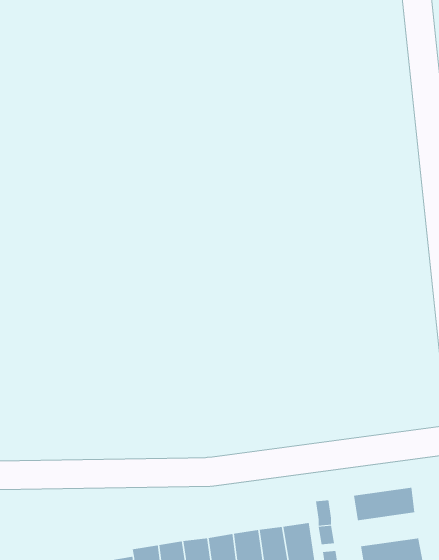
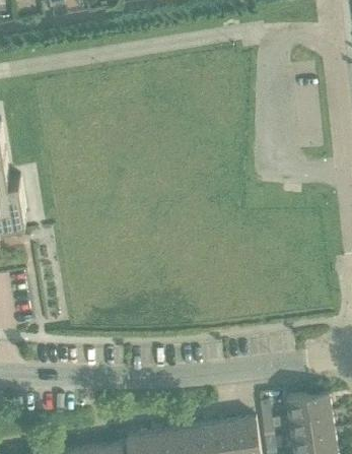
building: none -> [287,409,332,434]

